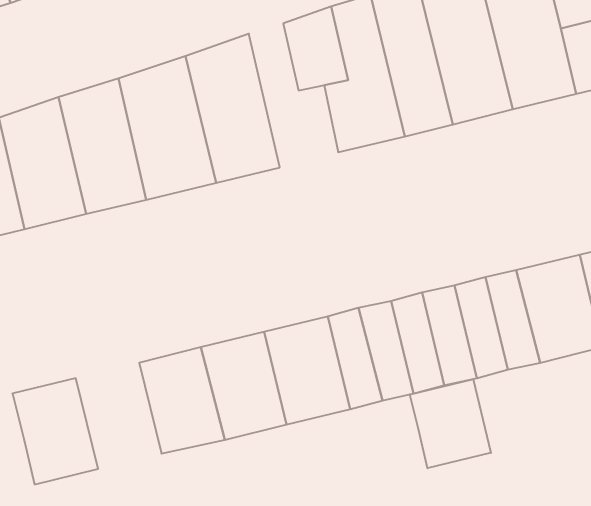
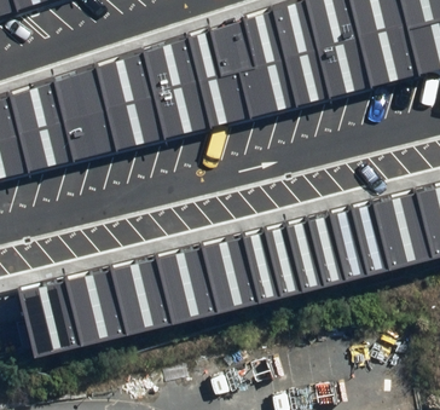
building: none -> [186,28,249,129]
building: none -> [64,267,125,342]
building: [410,379,491,468] -> none

